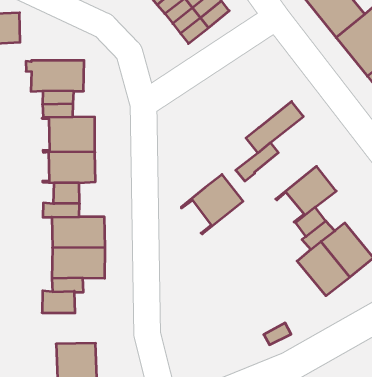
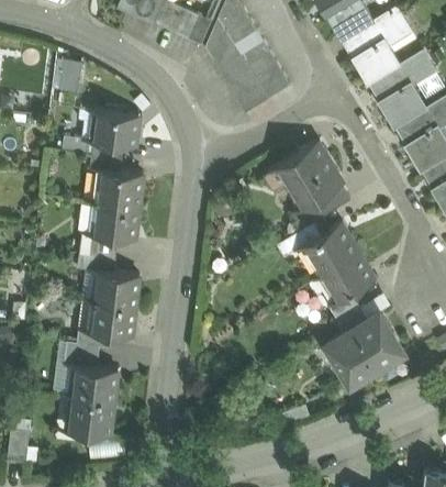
building: none -> [279,141,342,206]
building: [181,174,243,234] -> [294,222,357,279]
building: none -> [60,363,118,400]

